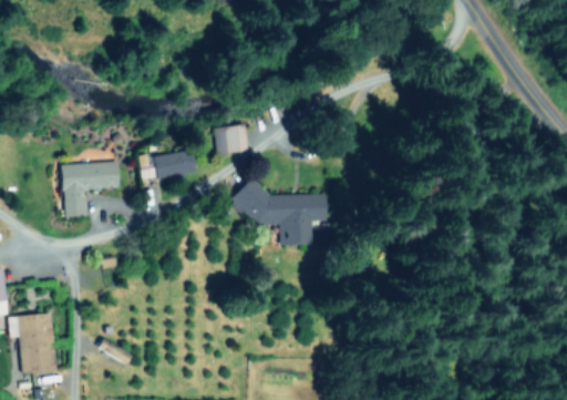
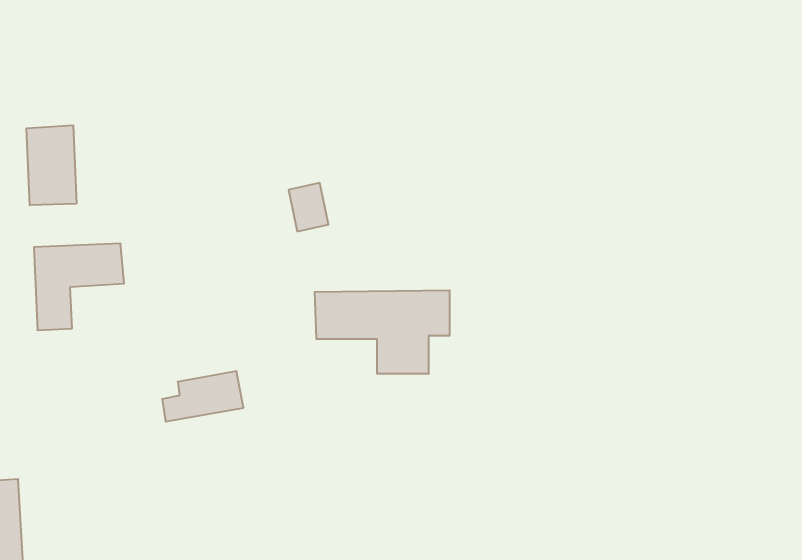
building: none -> [27,125,76,205]
building: [143,150,195,182] -> [162,371,244,422]

